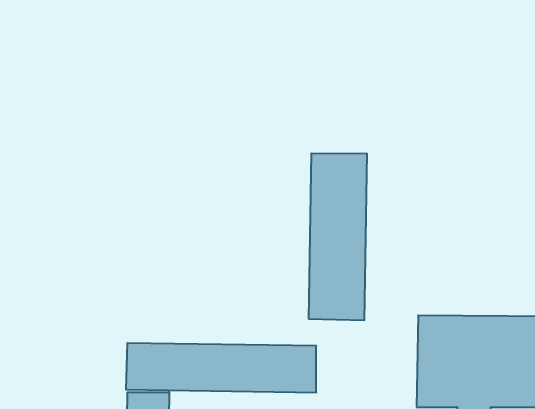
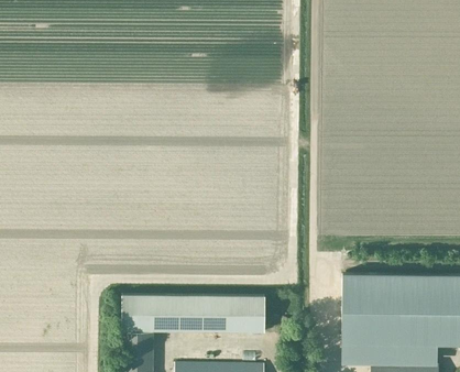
building: [309,153,367,320] -> none

